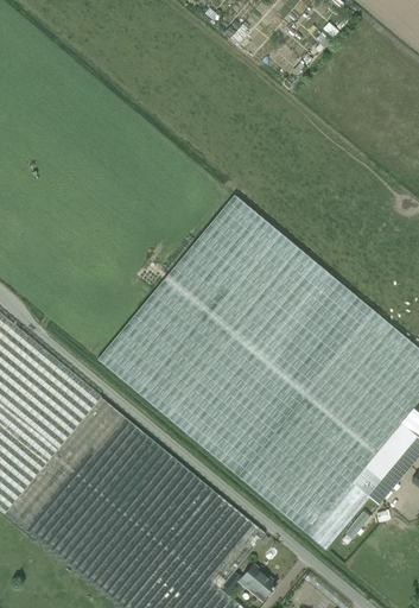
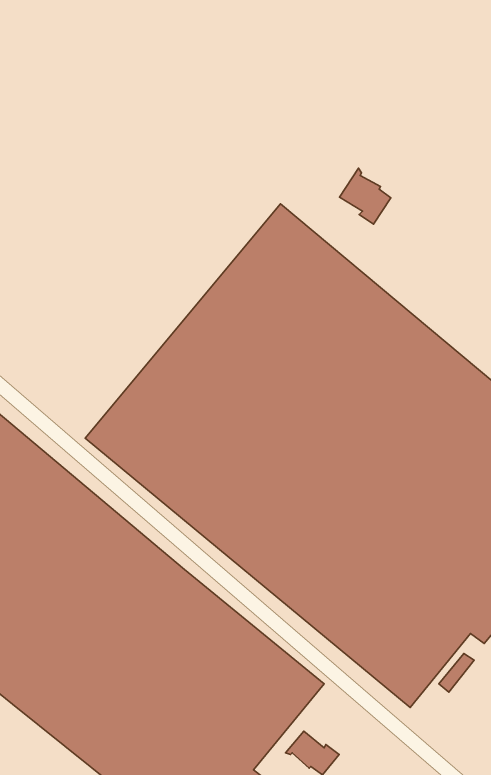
building: none -> [339,168,391,224]

